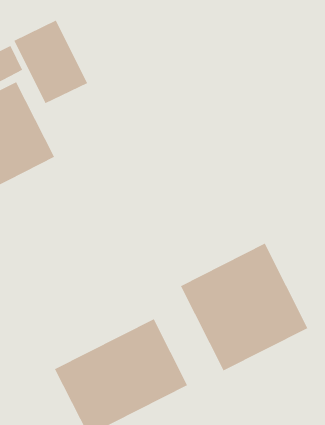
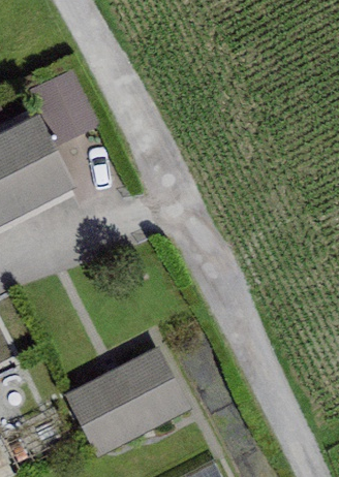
building: [180,243,309,372] -> none

